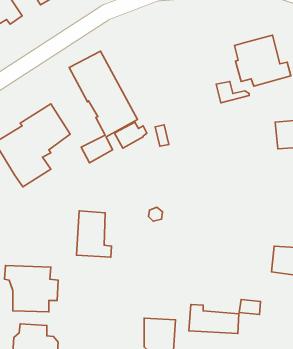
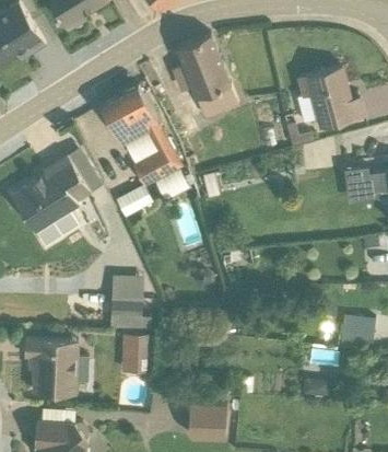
building: none -> [173,34,237,116]
building: none -> [121,334,153,373]
building: [189,304,239,334] -> none

